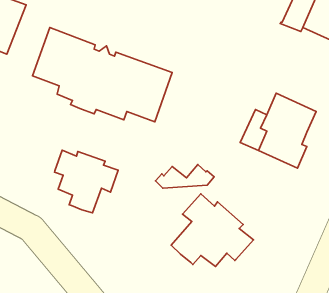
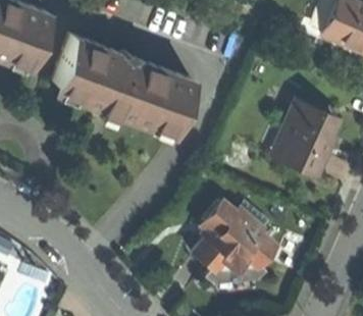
building: [55,150,118,213] -> none
building: [156,165,214,188] -> [207,260,265,283]

